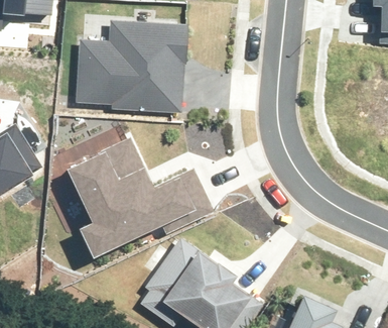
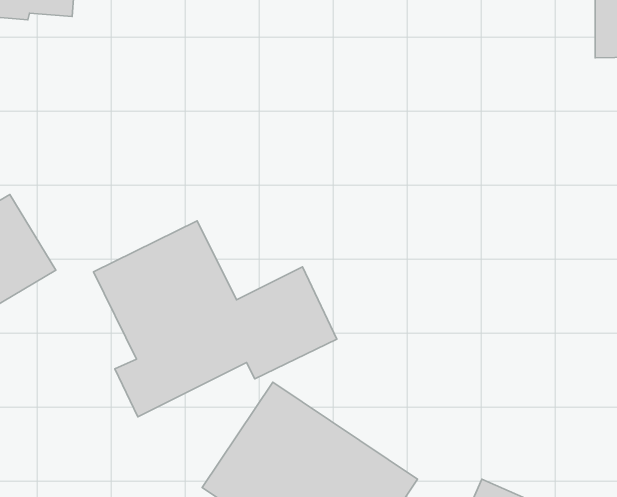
building: [78,19,187,112] -> none

